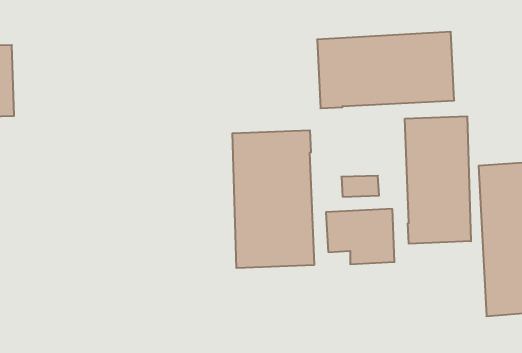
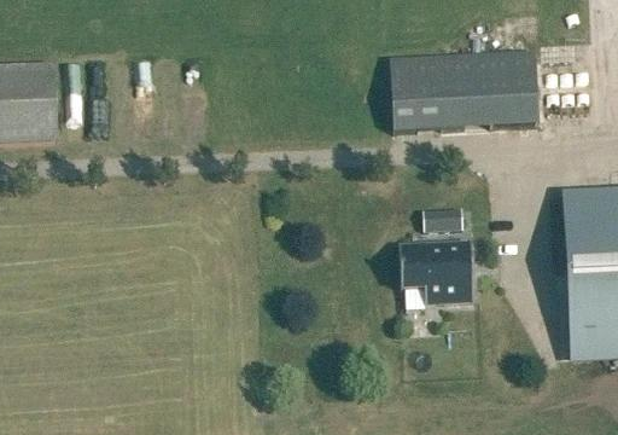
building: [405,116,471,244] -> none
building: [232,130,314,268] -> none

